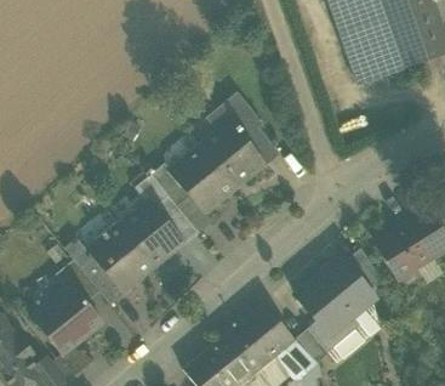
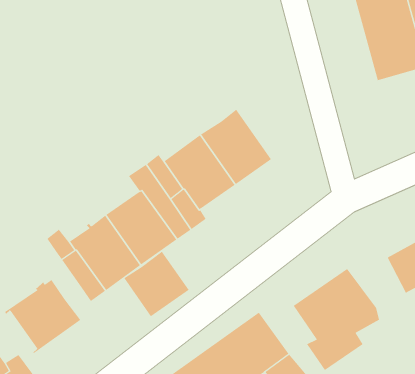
building: [207,91,279,161] -> none
building: none -> [123,251,190,317]
building: [56,259,101,301] -> none

